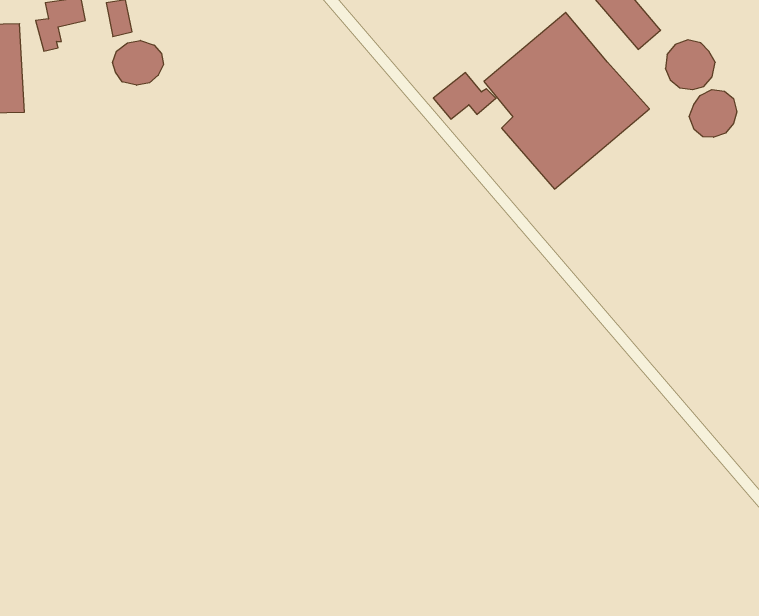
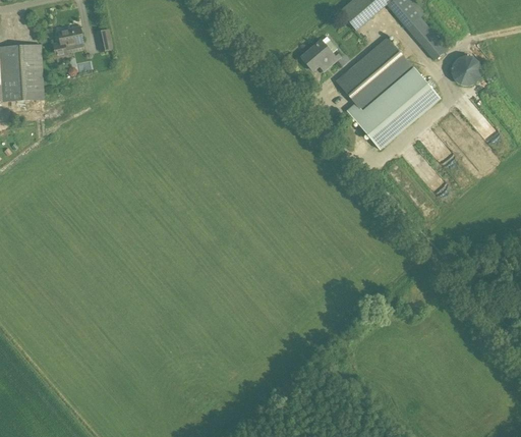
building: [113,40,164,85] -> none
building: [433,73,496,119] -> [300,40,340,69]
building: [689,90,737,137] -> none

